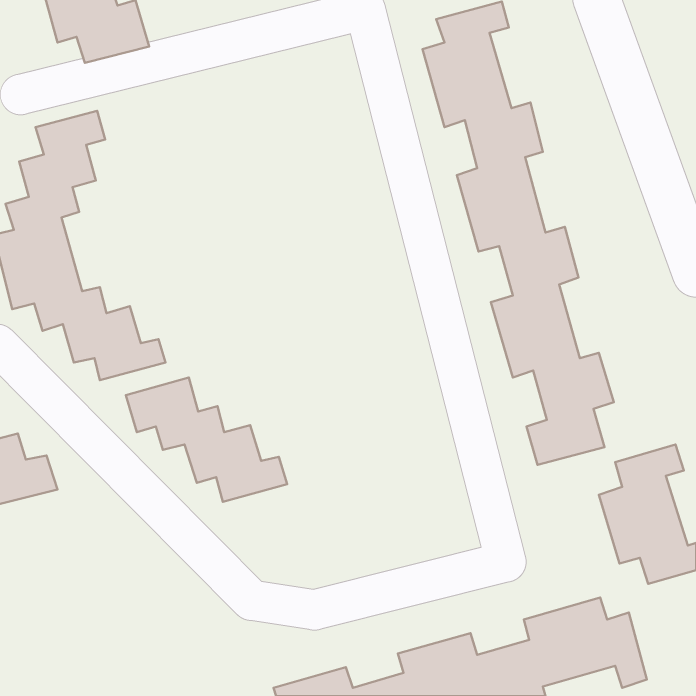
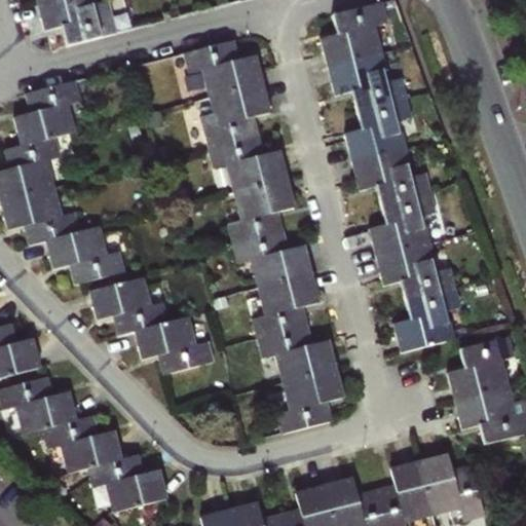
building: none -> [184,41,346,433]
building: none -> [4,380,171,514]

